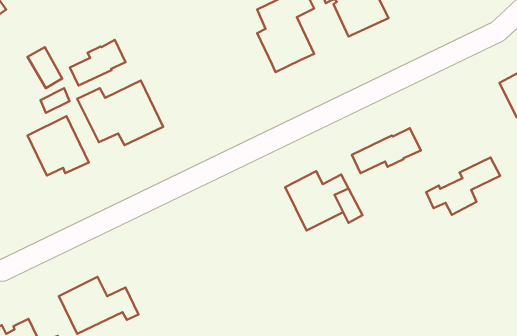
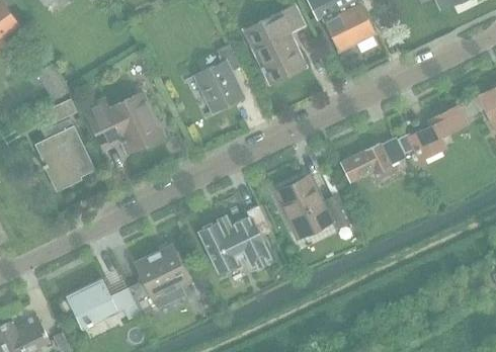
building: none -> [195,47,241,112]
building: [70,40,126,85] -> none
building: [426,158,500,215] -> [397,106,467,160]
building: none -> [196,216,270,284]
building: none -> [128,244,188,313]

